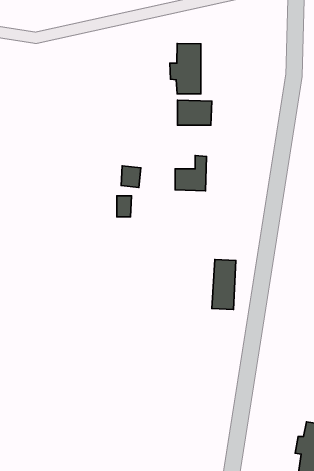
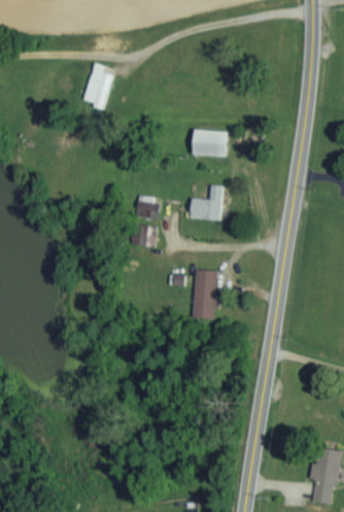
building: none -> [84,62,113,109]
building: [170,44,201,94] -> none
building: [212,259,236,309] -> [193,269,216,318]

